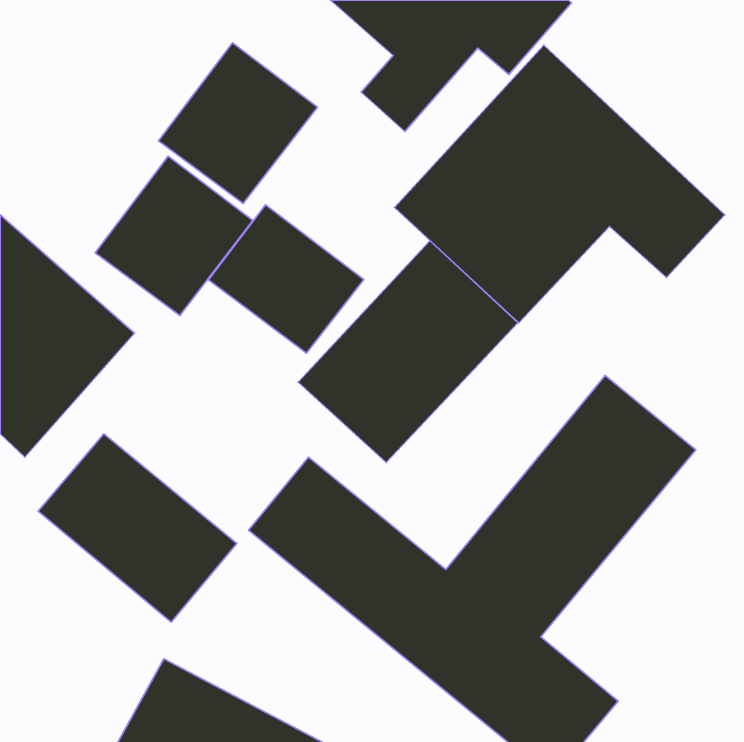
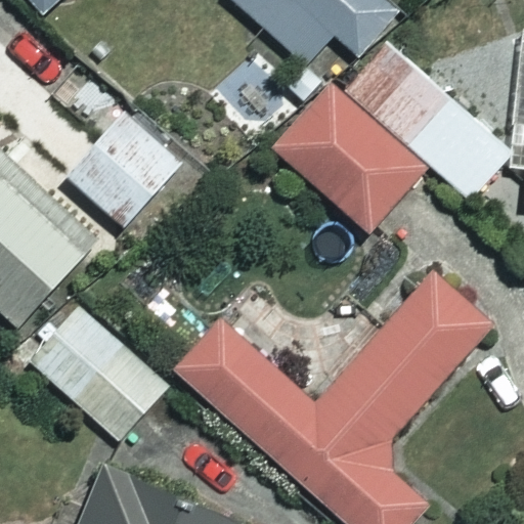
building: [159,43,317,203] -> none
building: [209,205,364,353] -> none
building: [298,241,518,462] -> none

